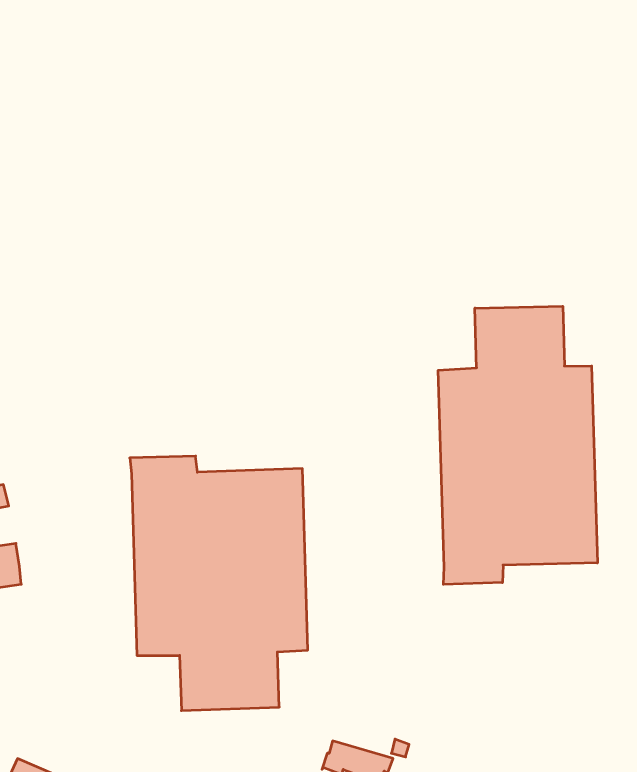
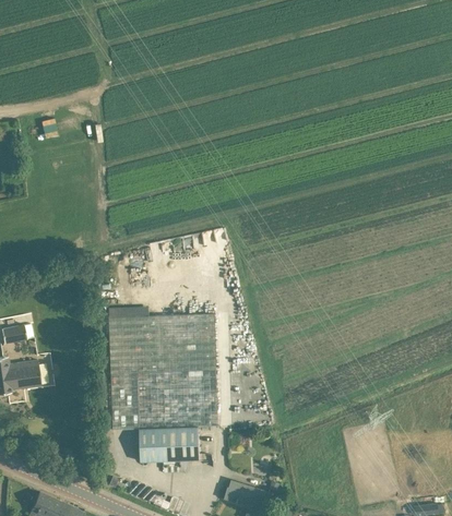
building: [438,306,597,584] -> none

